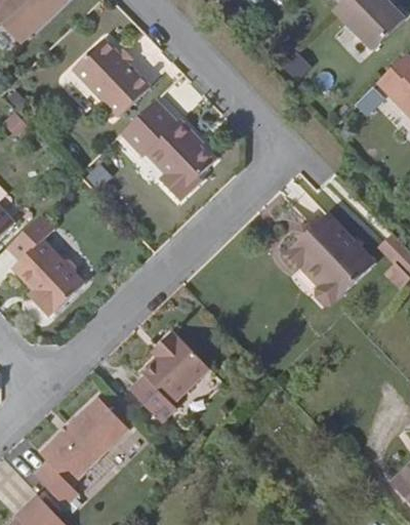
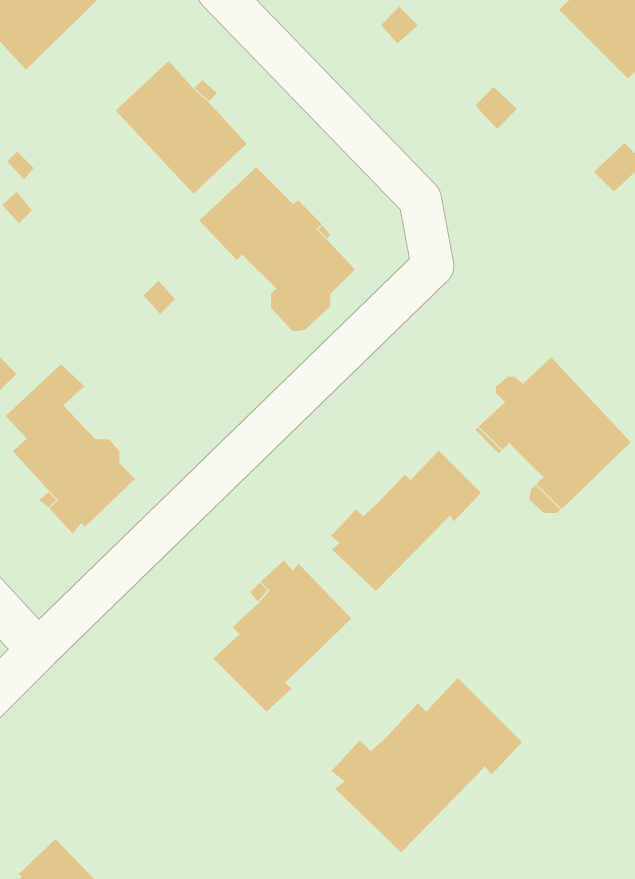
building: none -> [330,450,482,592]
building: [35,396,128,506] -> none
building: none -> [330,677,523,853]

